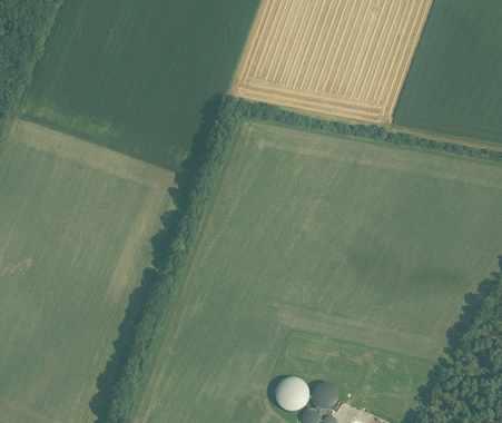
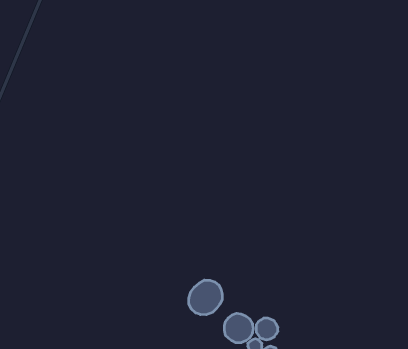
building: none -> [189,280,222,315]

